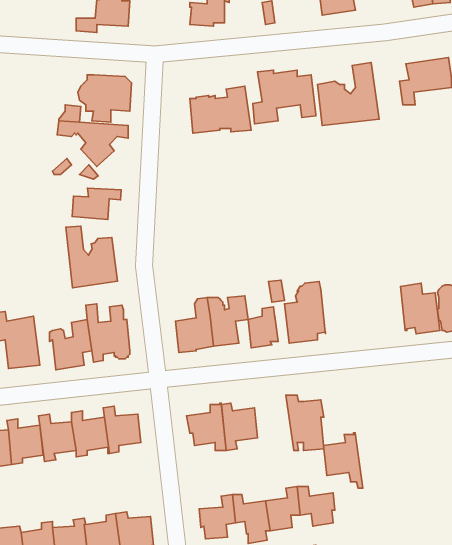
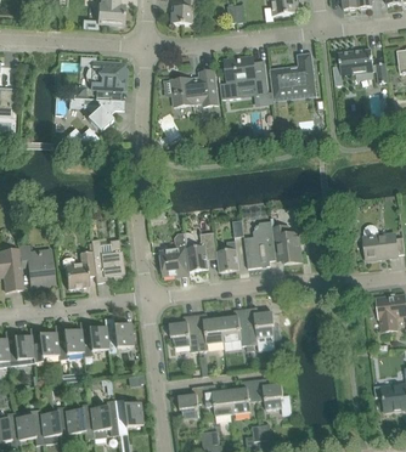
building: [72,188,121,219] -> none
building: [66,226,117,288] -> none
building: [401,283,440,334] -> [271,225,301,264]
building: [324,433,363,488] -> [220,309,250,351]

